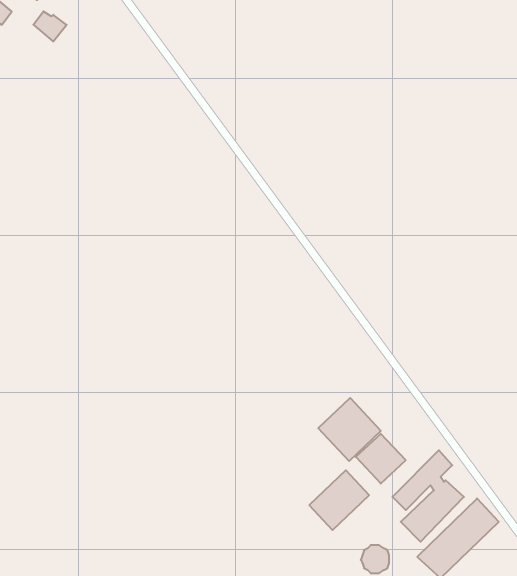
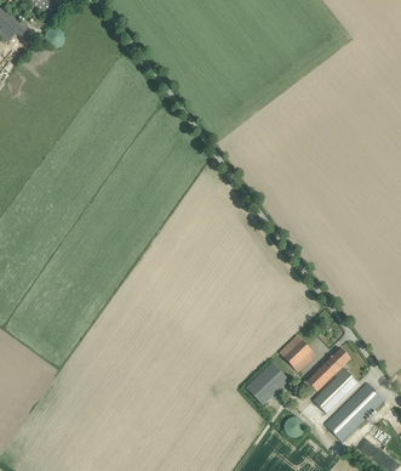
building: [318,398,381,461] -> none

